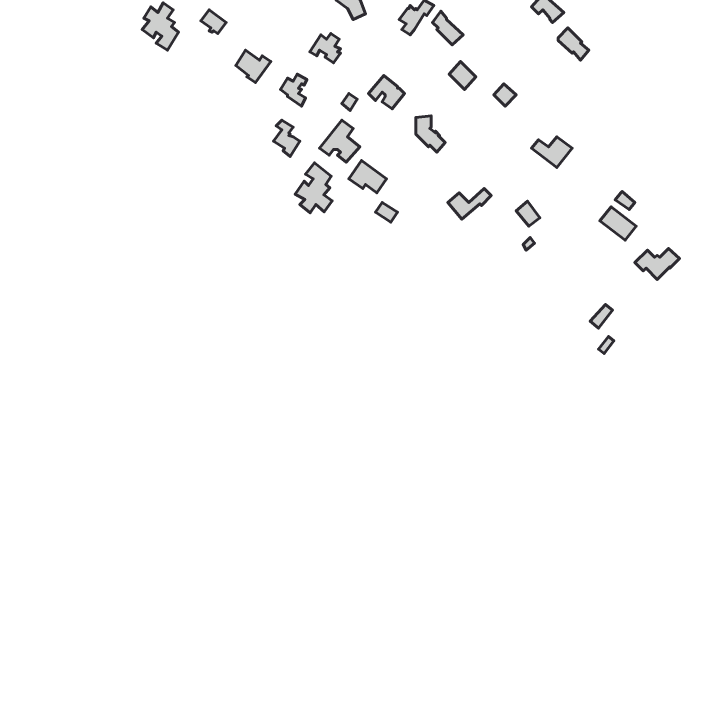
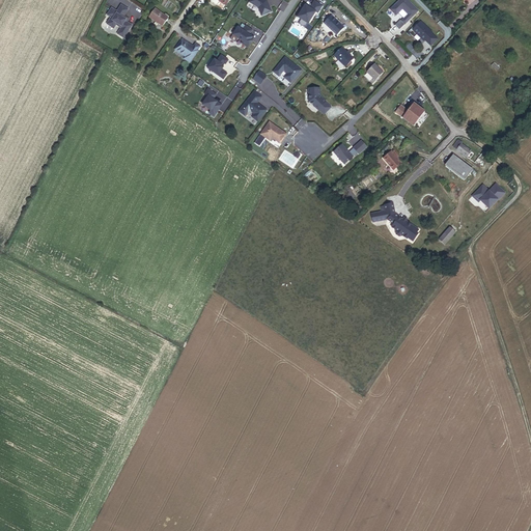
building: [295,163,332,213] -> none
building: none -> [371,201,419,240]

